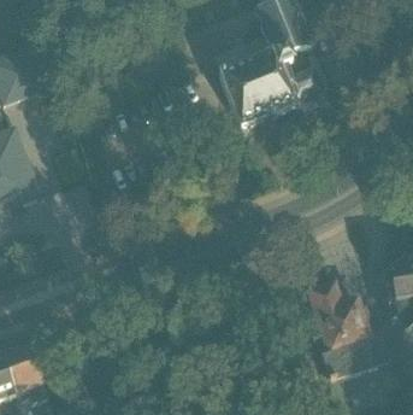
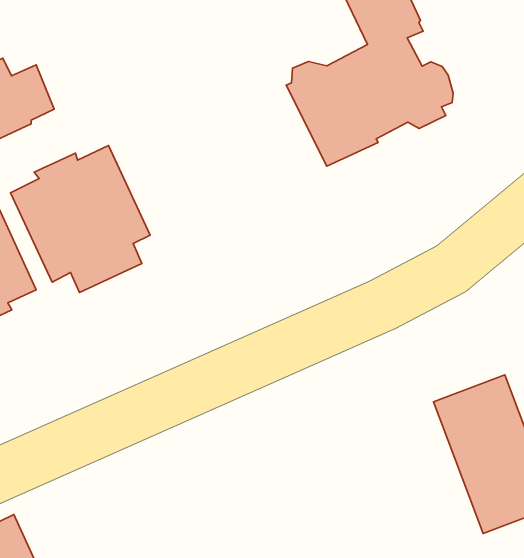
building: none -> [11,146,150,292]

